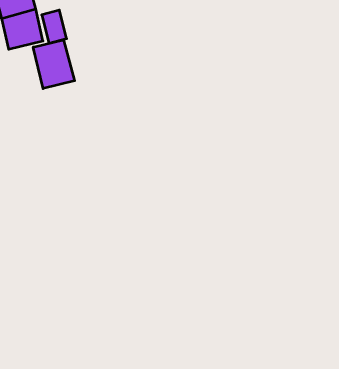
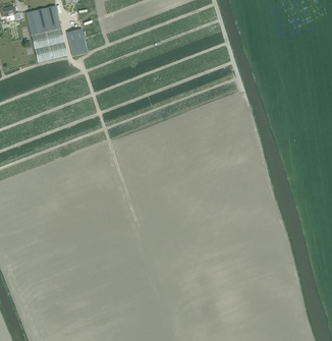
building: [33,40,75,89] -> none

